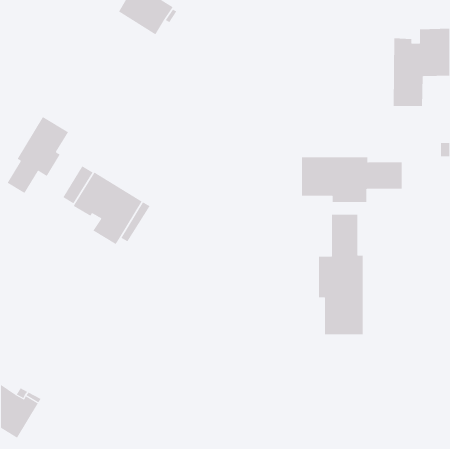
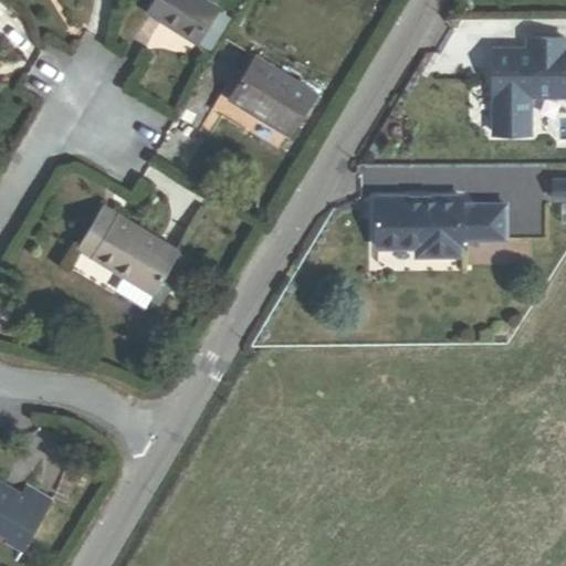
building: none -> [230,59,315,136]
building: [7,116,69,194] -> none
building: [318,214,363,335] -> none

